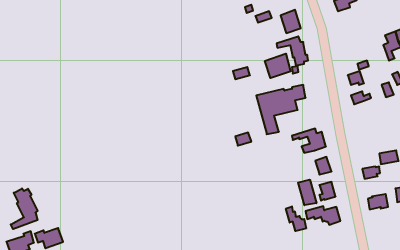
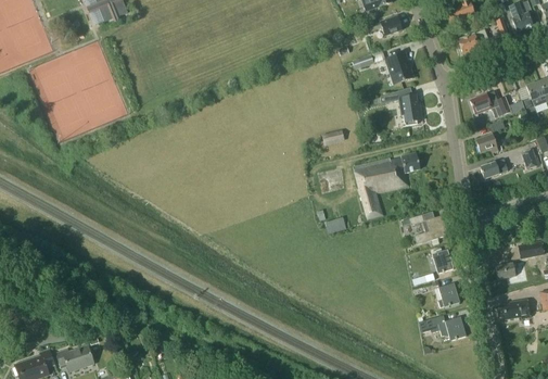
building: none -> [469,90,510,116]
building: [265,54,291,78] -> none
building: [298,180,316,205] -> none
building: [11,188,38,229] -> none
building: [286,206,306,231] -> none

